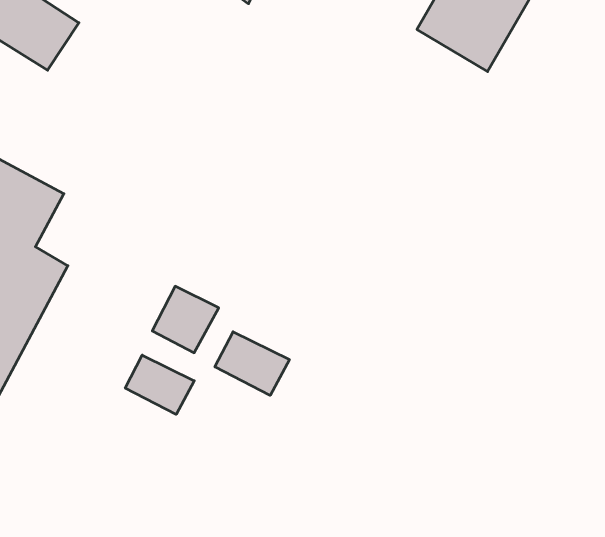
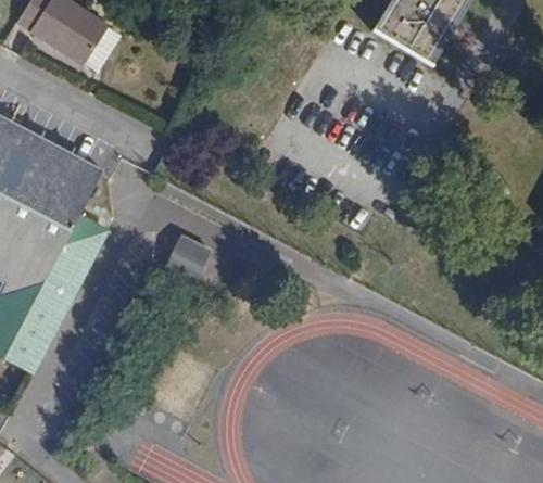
building: [215,332,289,395] -> none
building: [125,355,194,414] -> none

